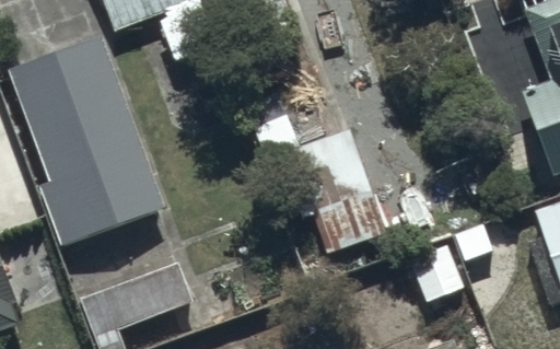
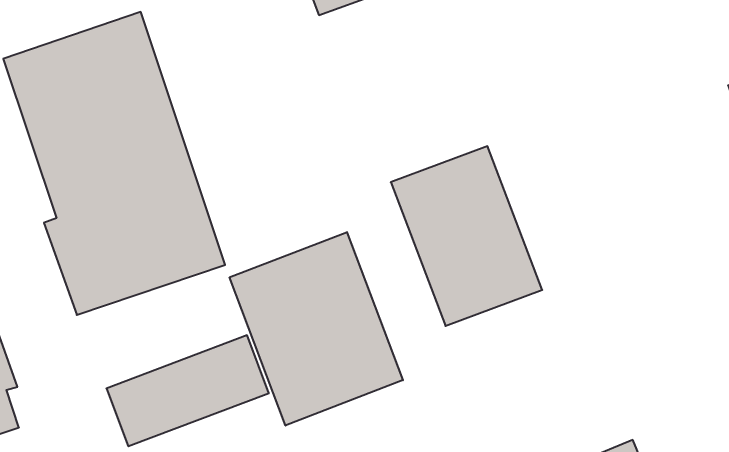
building: none -> [230,232,403,426]

